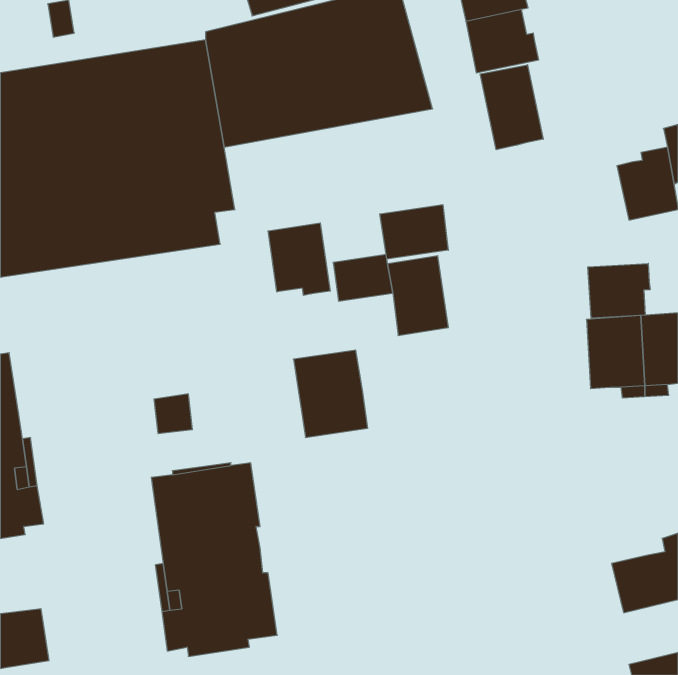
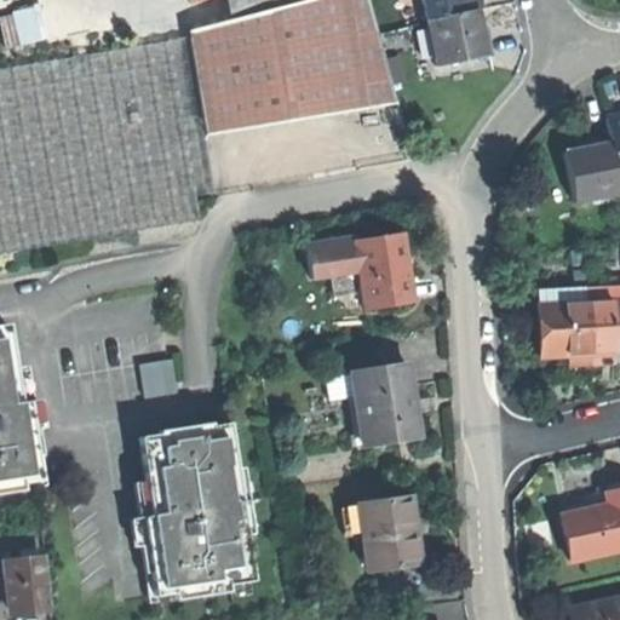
building: [480,65,543,150] -> none
building: [380,205,448,259] -> none
building: [268,223,330,295] -> none
building: [588,263,650,318] -> none
building: [293,350,368,438] -> [349,363,417,443]
building: none -> [357,495,417,569]

